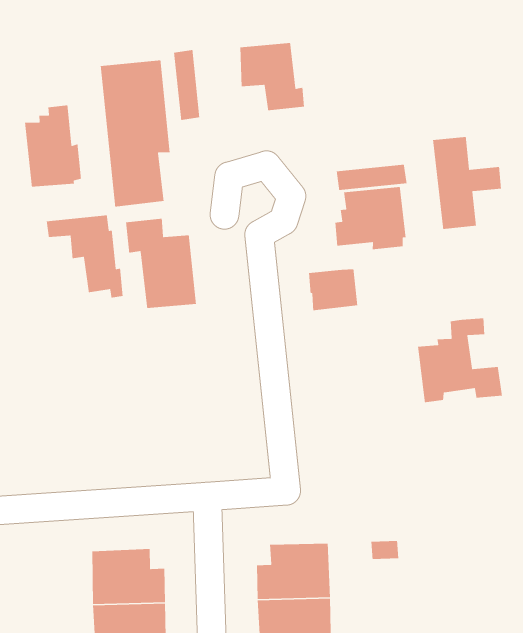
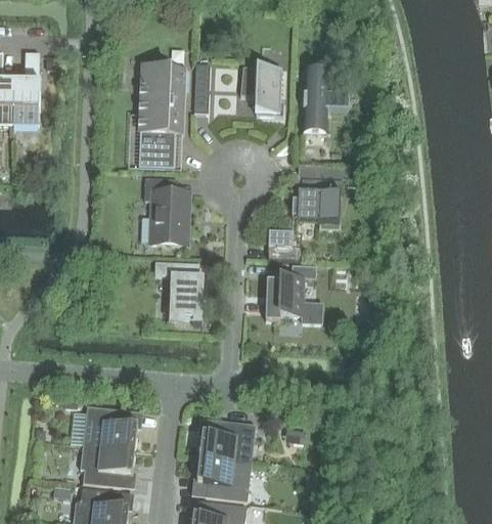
building: [24,104,82,188] -> none
building: [432,136,502,230] -> [302,70,349,135]
building: [46,215,124,299] -> [154,263,203,324]
building: [417,317,503,403] -> [265,266,321,324]

